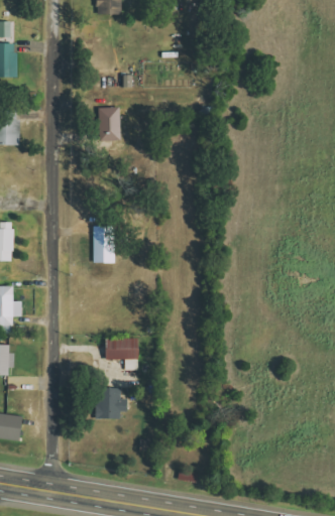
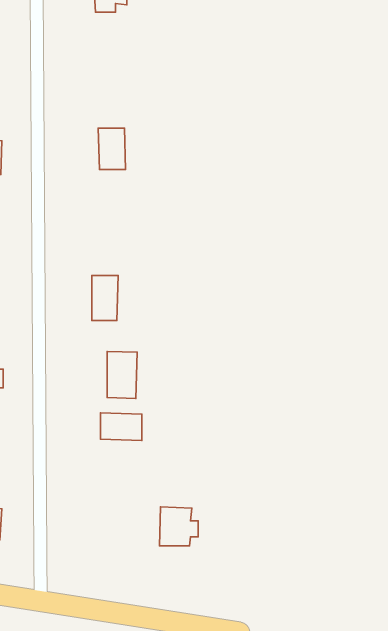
building: none -> [107,351,137,398]
building: [92,387,123,418] -> [159,507,198,546]

